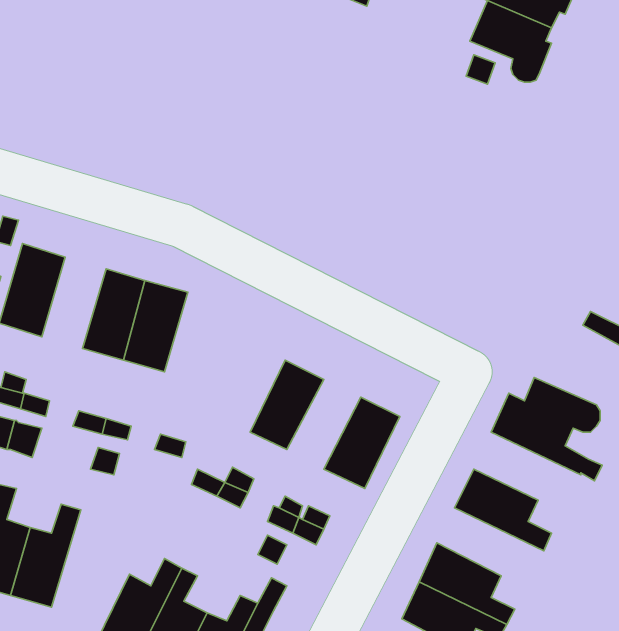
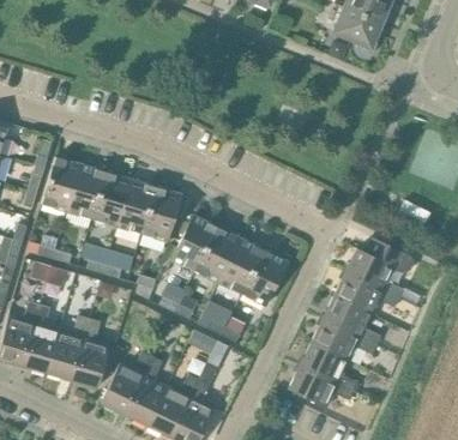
building: none -> [67,164,107,221]
building: none -> [143,186,181,243]
building: none -> [171,216,217,272]
building: none -> [218,240,264,295]
building: none -> [333,272,399,314]
building: none -> [311,319,376,361]
building: none -> [73,320,110,387]

